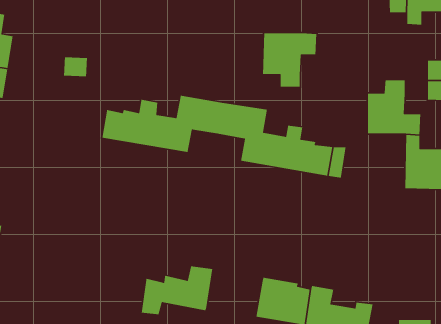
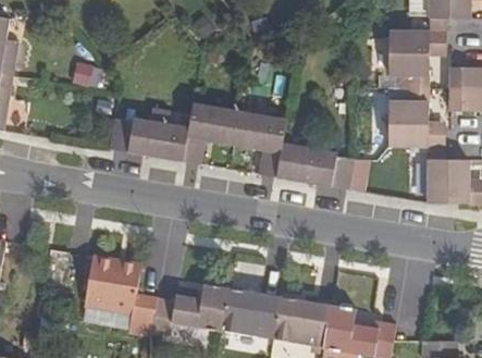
building: [262,33,317,87] -> [390,30,447,88]
building: none -> [86,257,157,334]
building: none -> [221,287,279,338]

